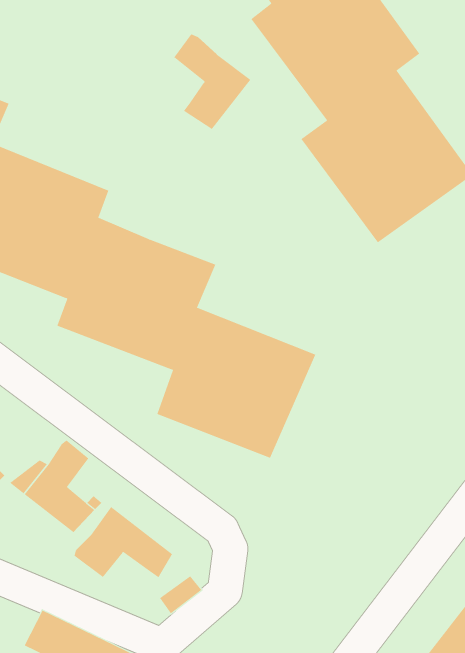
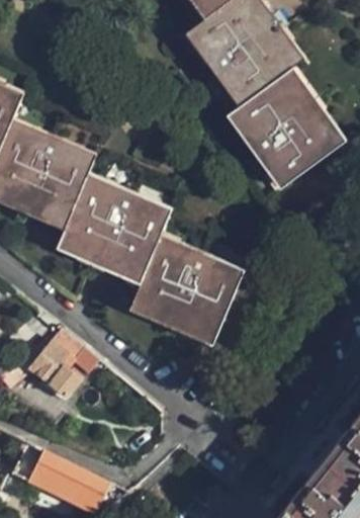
building: [173,34,251,130] -> none
building: [74,506,173,578] -> none

